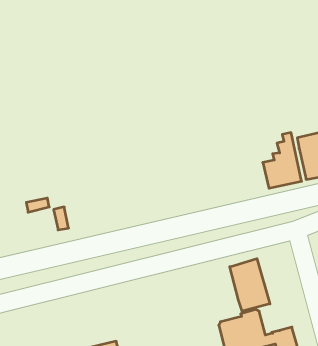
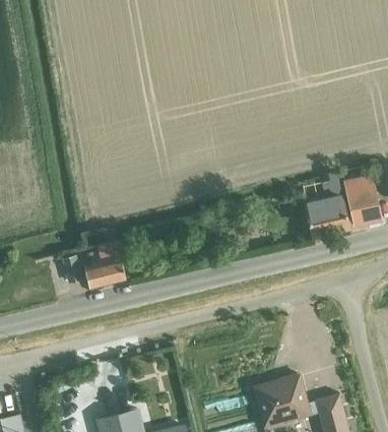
building: none -> [84,228,125,288]
building: [230,259,270,311] -> none

